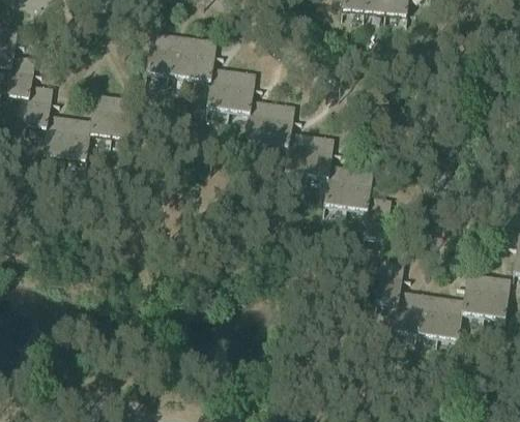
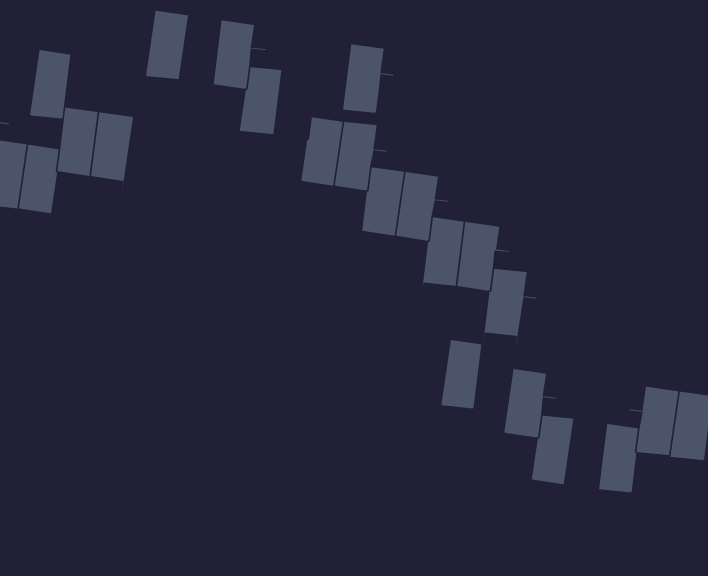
building: [166,34,194,87] -> [27,50,71,132]
building: [227,69,261,119] -> [341,44,394,121]
building: [413,293,441,345] -> [439,339,482,422]

